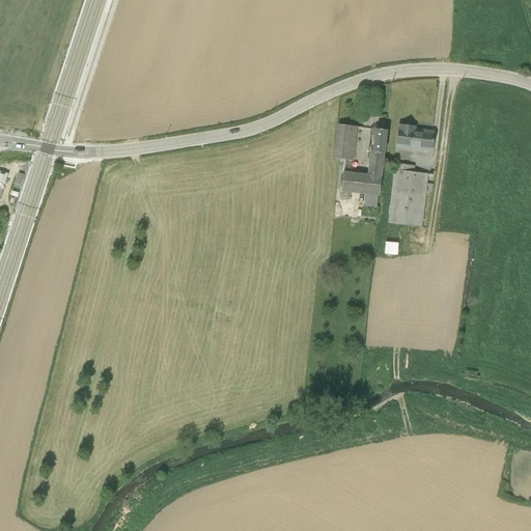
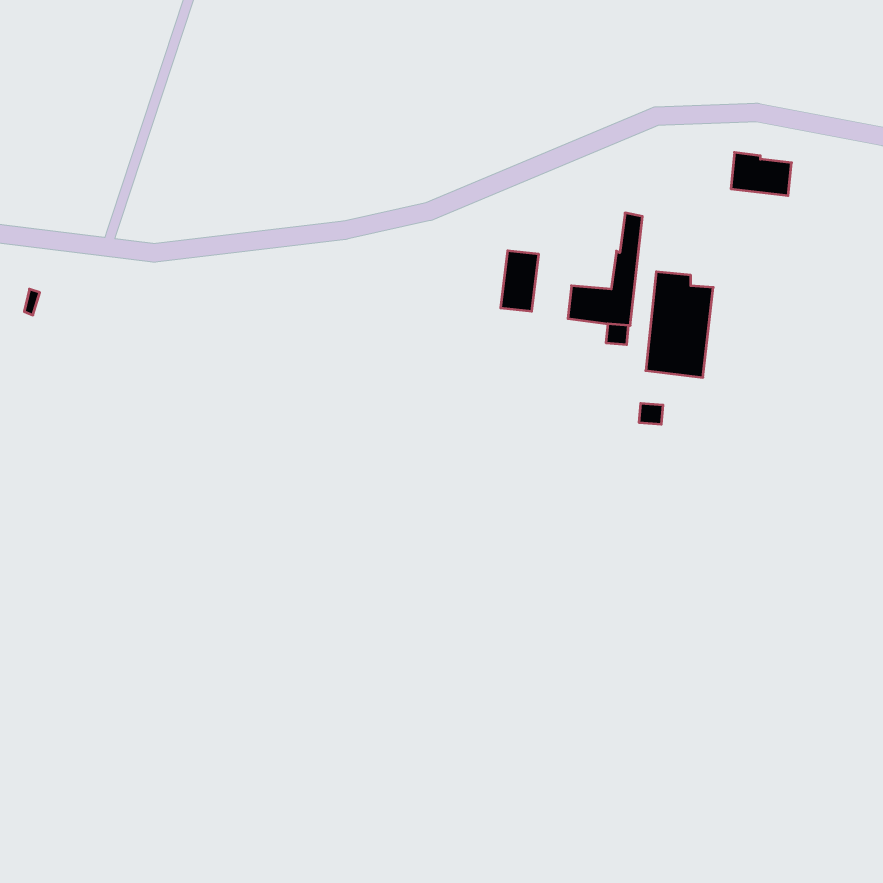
building: [334,123,357,160] -> [501,251,539,311]
building: [397,124,434,150] -> [731,152,792,196]

